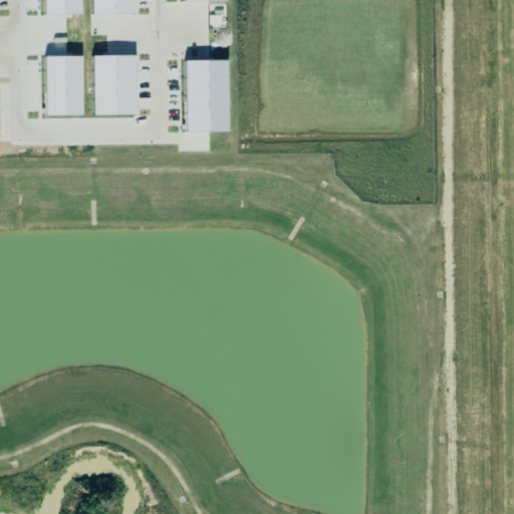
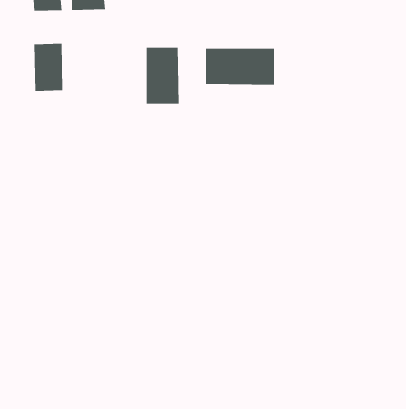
building: [94,54,138,113] -> none
building: none -> [205,48,274,85]

